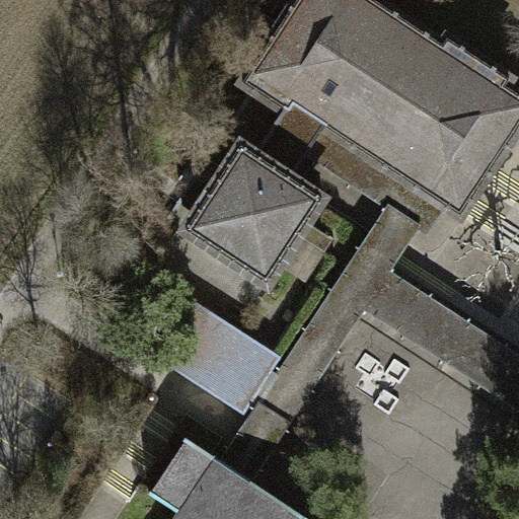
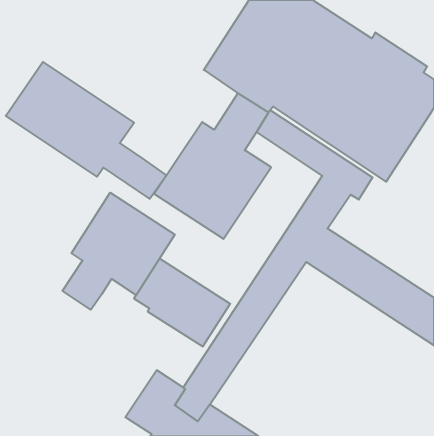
building: none -> [6,62,167,199]
building: none -> [63,193,175,310]

